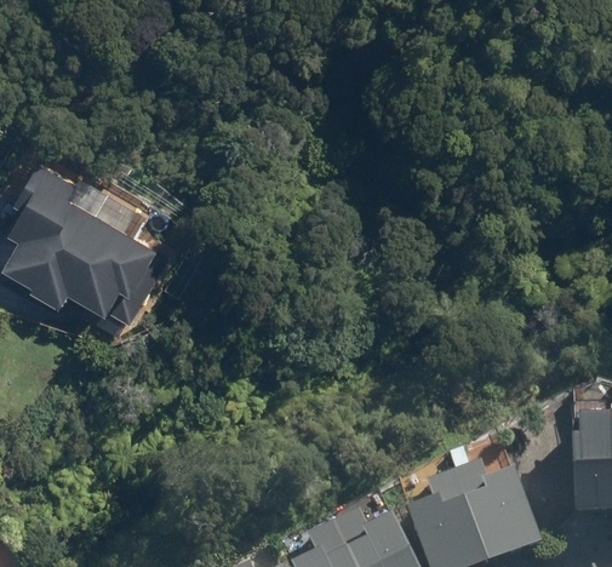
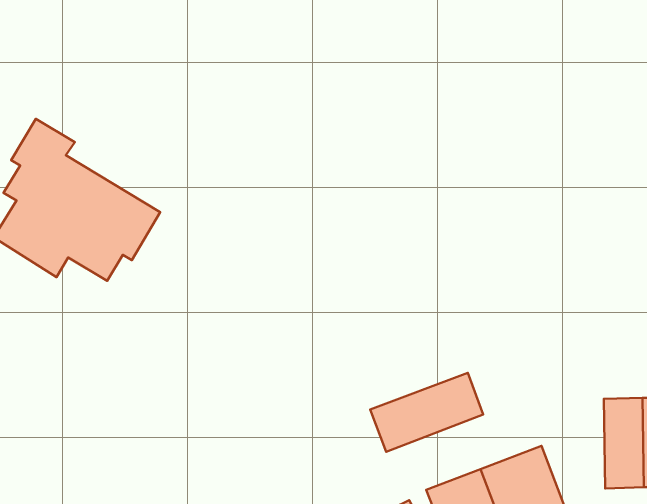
building: none -> [370,373,483,452]

